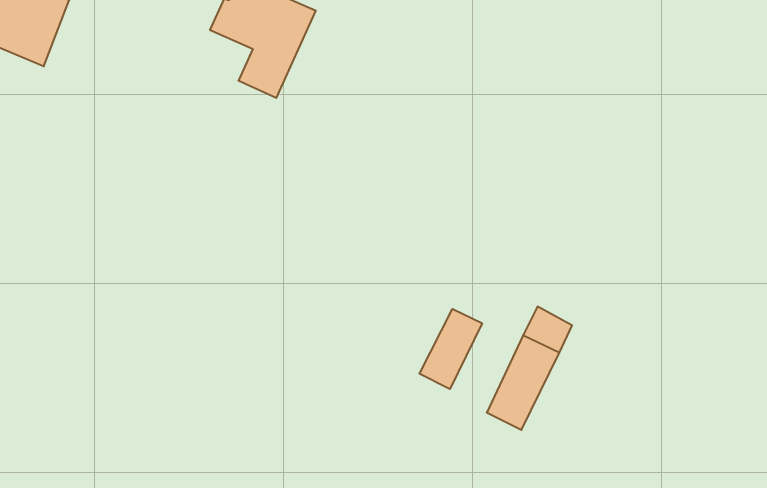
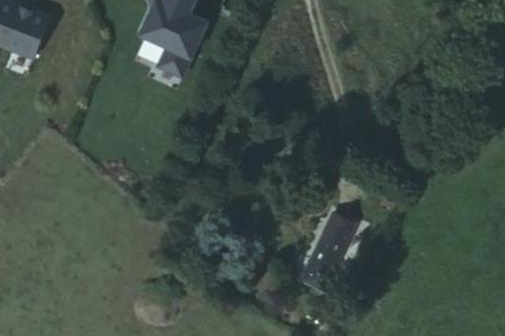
building: [419,309,482,389] -> none

